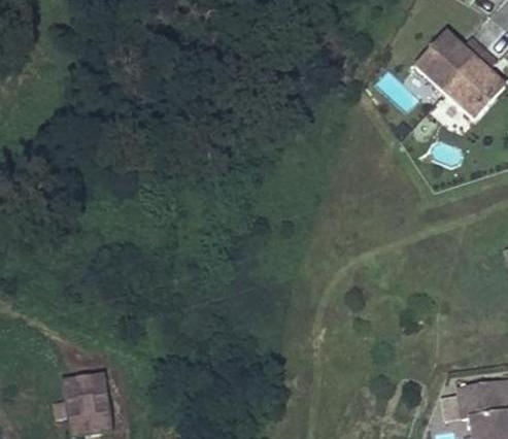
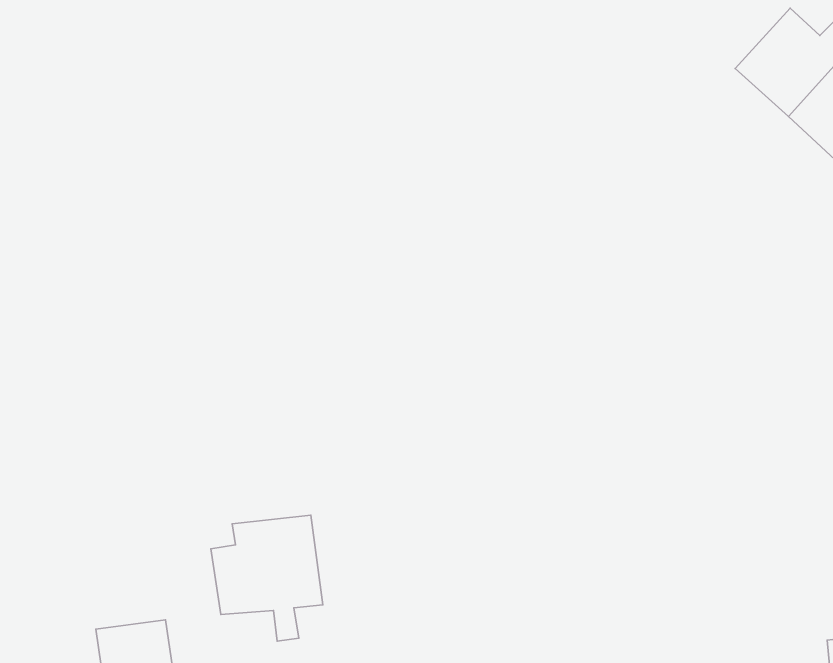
building: none -> [211,515,323,641]

